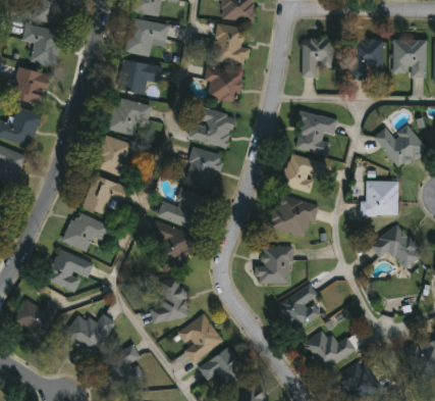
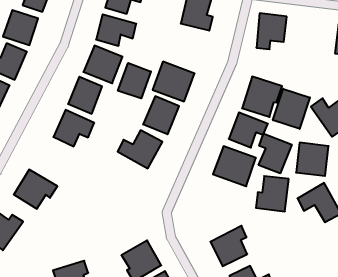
building: [347,38,383,80] -> none
building: [205,66,242,101] -> none
building: none -> [118,63,151,98]
building: none -> [273,89,310,129]
building: none -> [259,133,292,173]
building: [62,211,107,252] -> none
building: [148,222,191,272] -> none
building: [257,246,290,284] -> [256,176,289,211]
building: [150,277,189,323] -> none
building: [63,312,115,355] -> none

